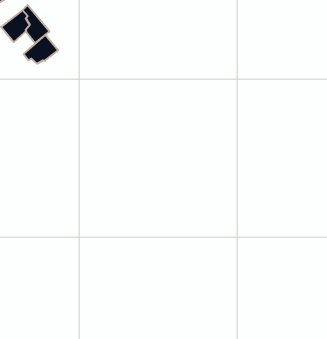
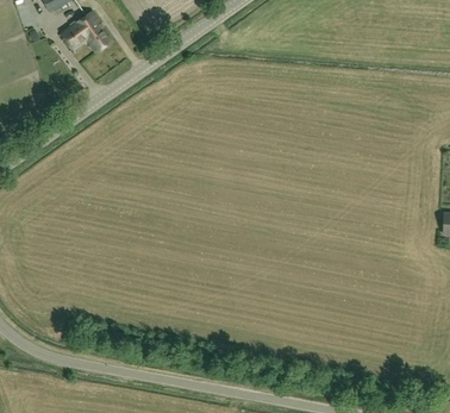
building: [24,35,58,64] -> none

